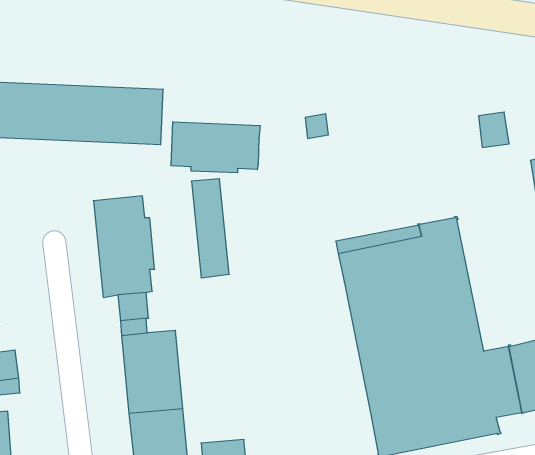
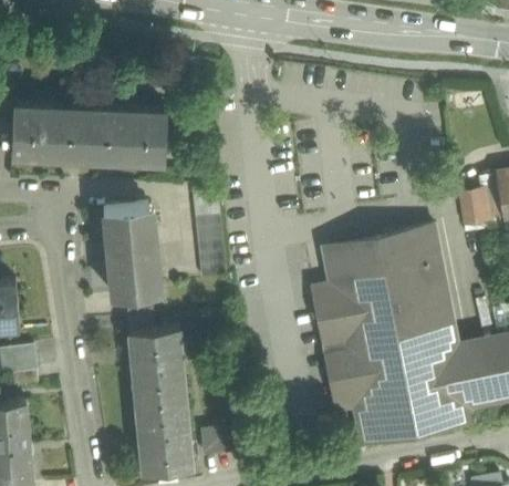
building: [479,112,509,147] -> [459,194,487,226]
building: [171,122,260,173] -> none
building: none -> [313,287,355,411]

